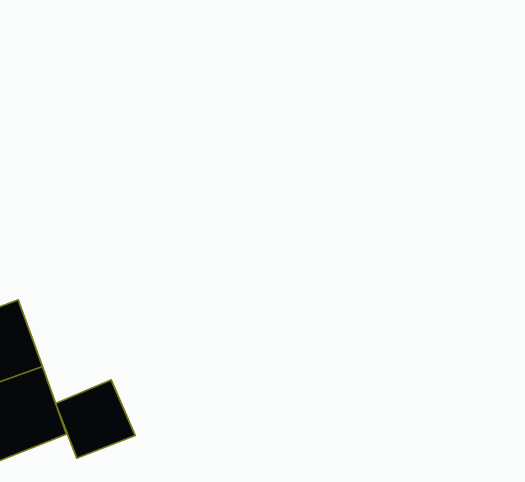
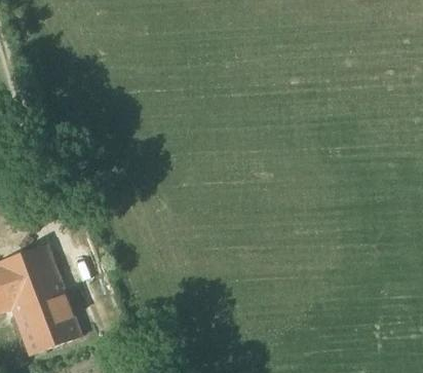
building: [56,380,135,458] -> none

